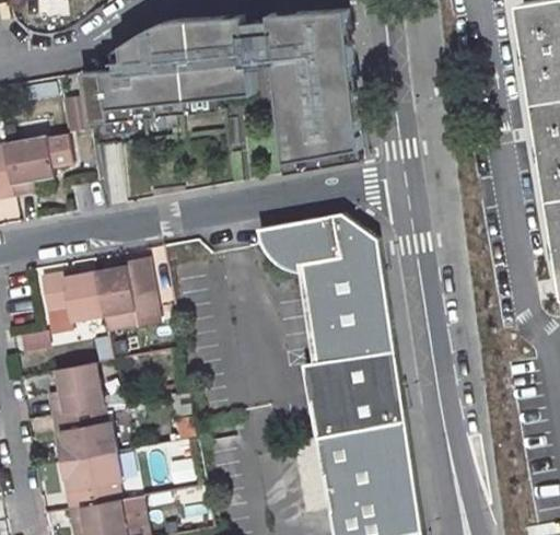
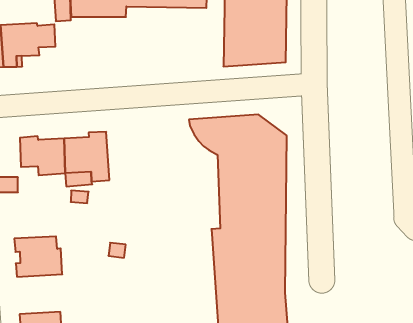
building: [50,354,104,407] -> none
building: [61,444,122,500] -> none

